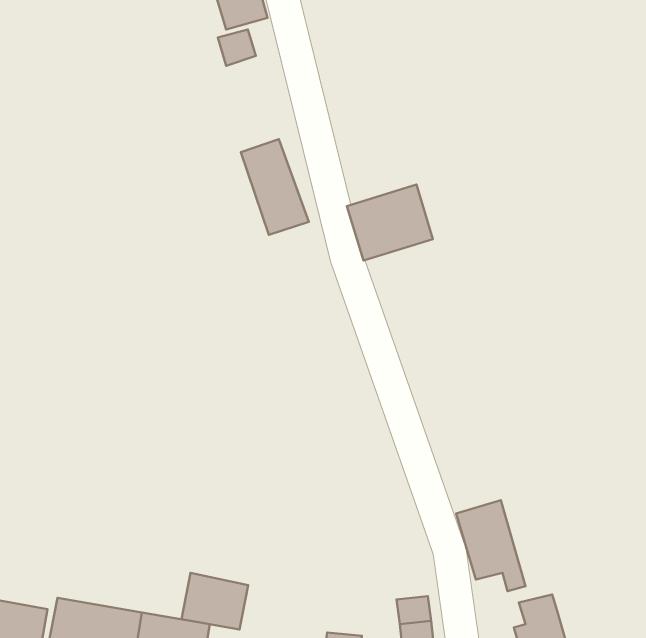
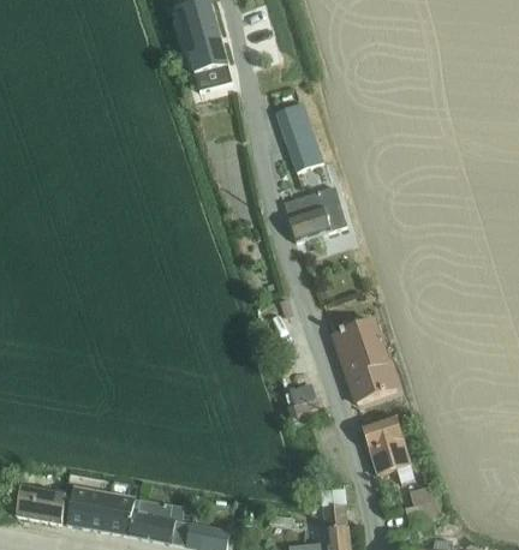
building: [241,139,309,235] -> [275,102,324,172]
building: none -> [333,318,401,402]
building: none -> [290,382,324,417]
building: [181,573,248,629] -> none

